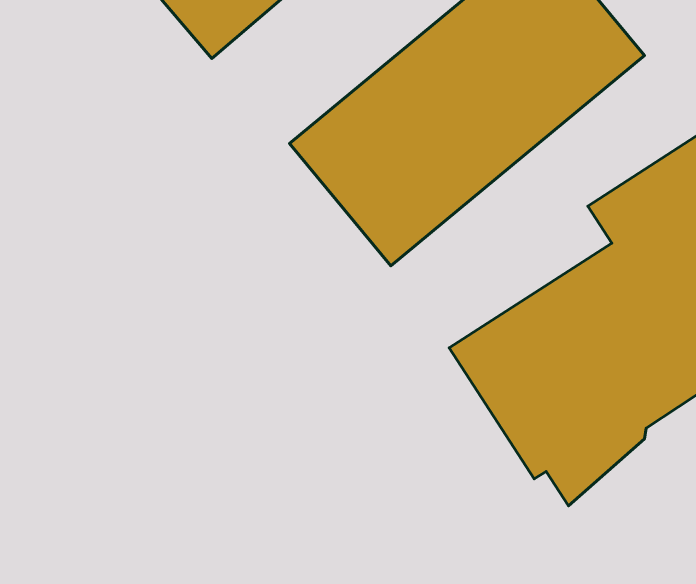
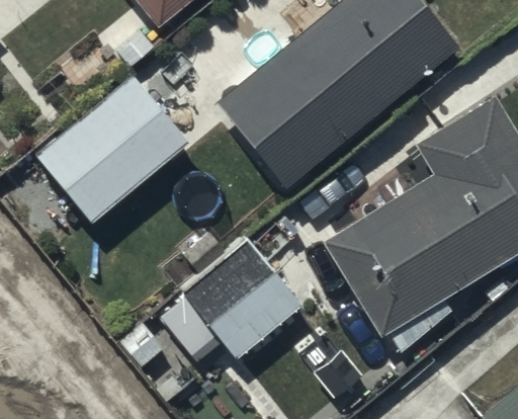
building: none -> [34,76,187,223]
building: none -> [181,237,299,355]

